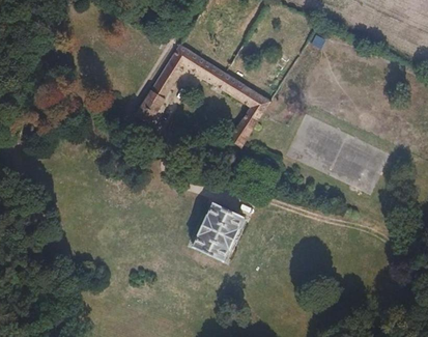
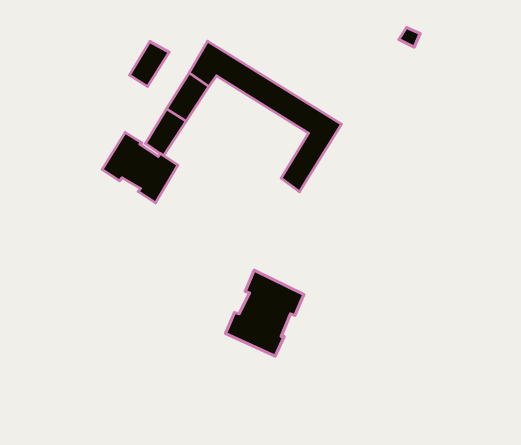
building: none -> [130,41,169,87]
building: none -> [102,133,178,203]

